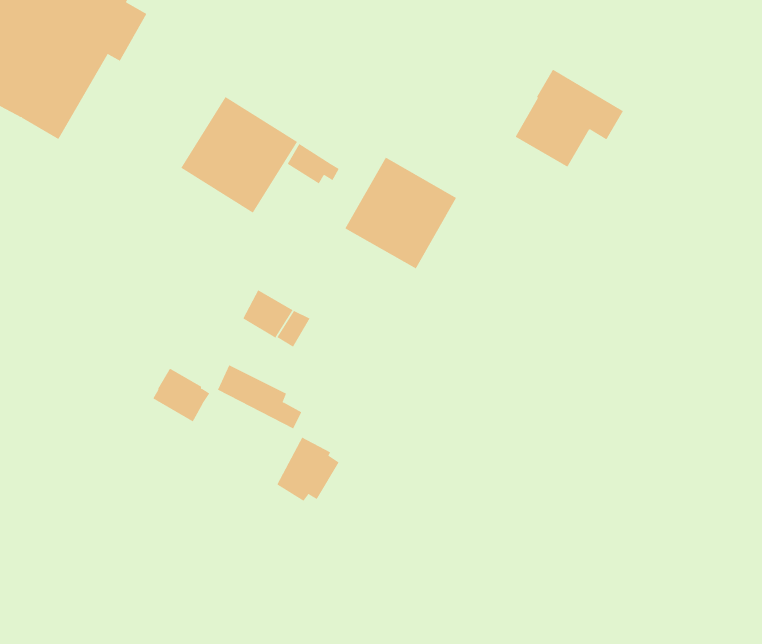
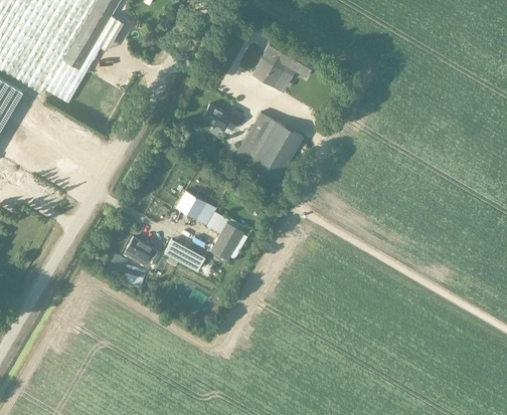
building: [515,69,624,167] -> [251,34,316,92]
building: [181,96,298,213] -> none
building: [276,437,339,502] -> [210,221,247,259]

